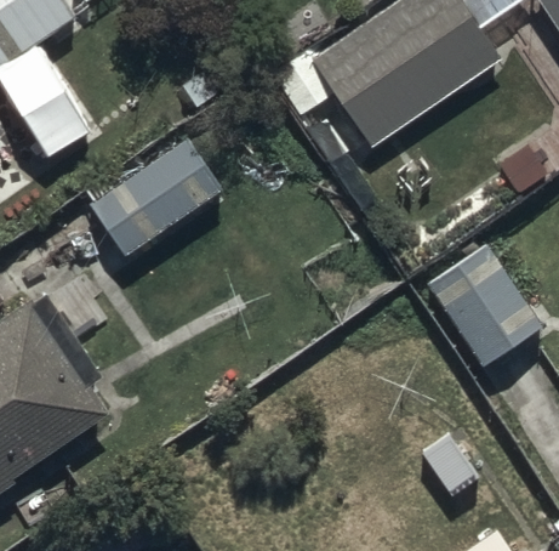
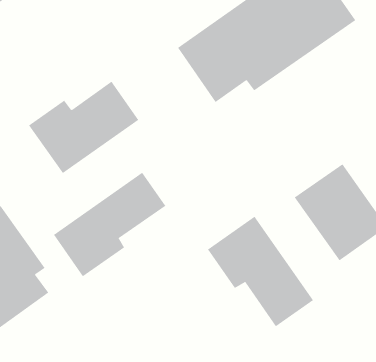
building: none -> [53,172,166,277]
building: none -> [207,216,314,327]

